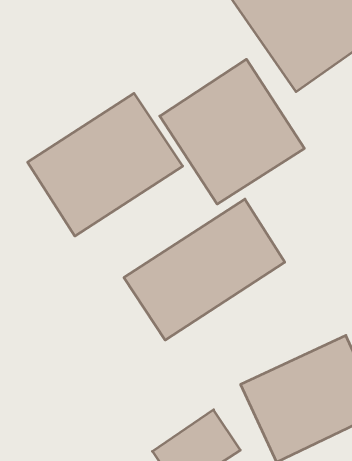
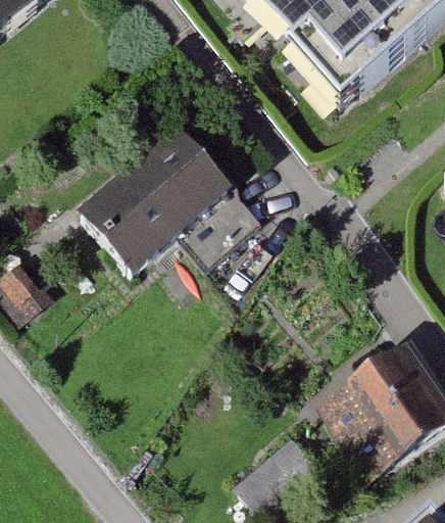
building: [160,59,304,204] -> none
building: [124,199,285,340] -> none

